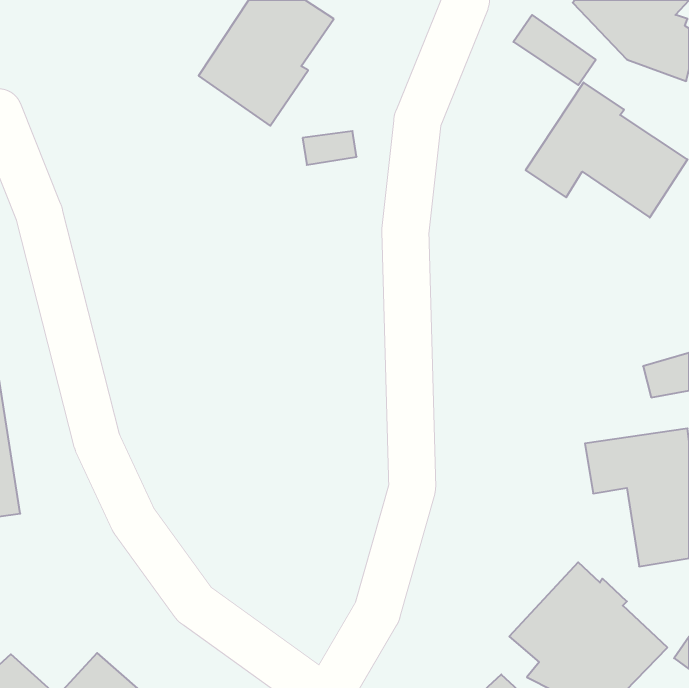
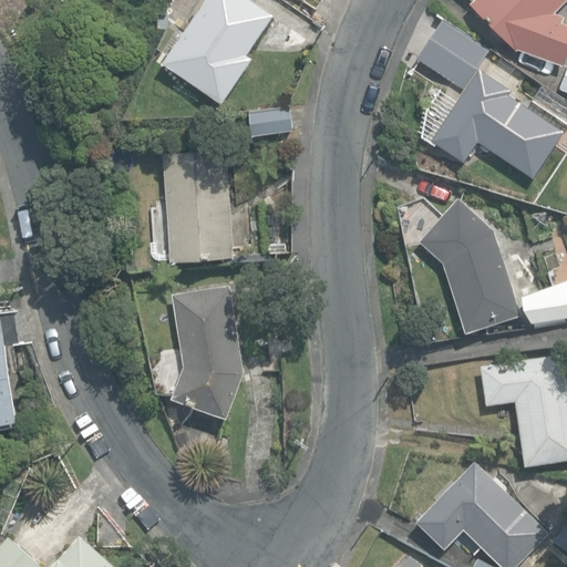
building: none -> [152,151,233,264]
building: none -> [419,199,522,333]
building: none -> [173,286,243,419]

